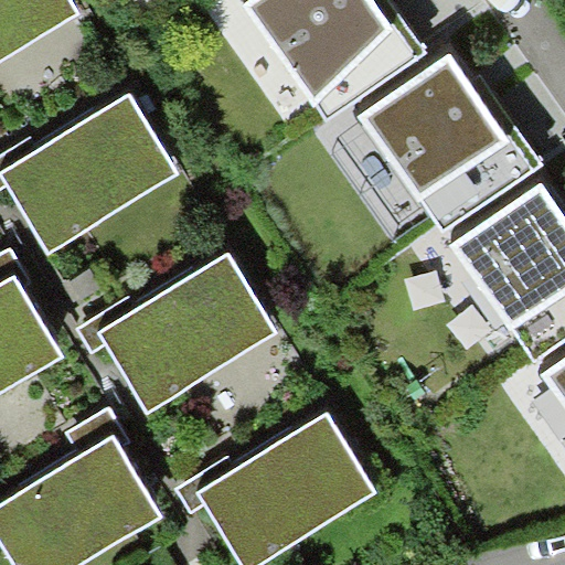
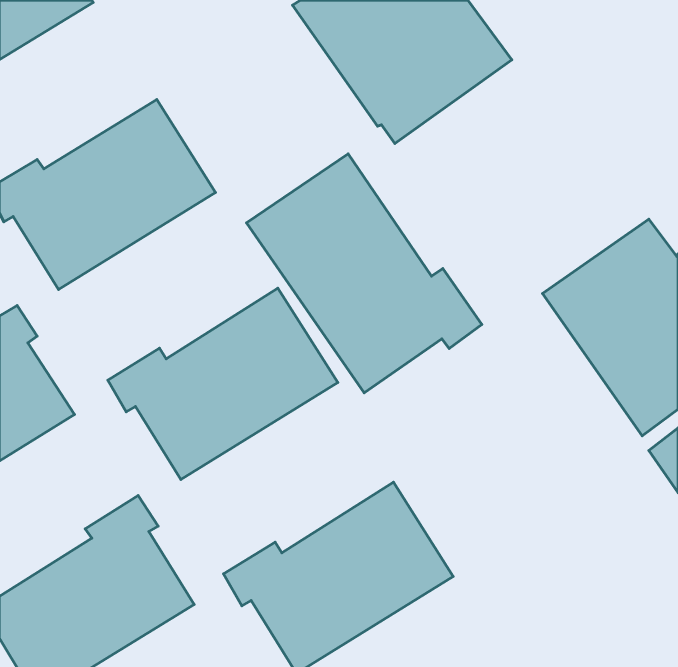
building: [356,62,541,242] -> none
building: none -> [246,154,482,393]

